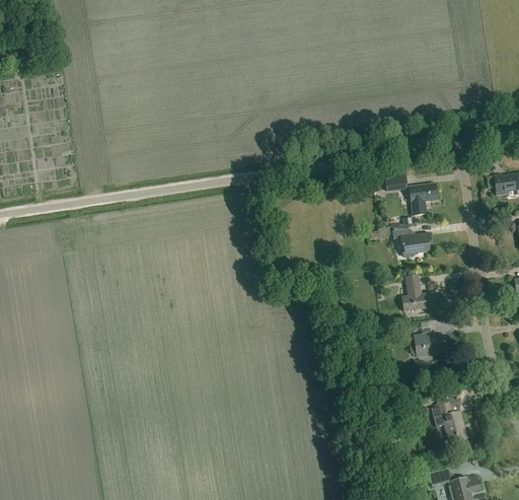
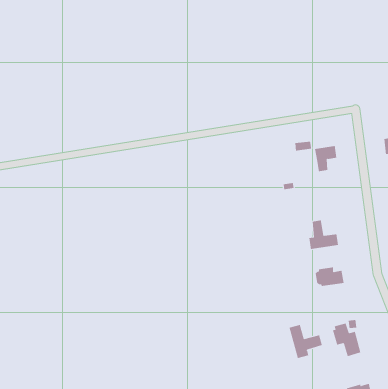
building: [392,229,432,257] -> none
building: none -> [289,324,322,359]

